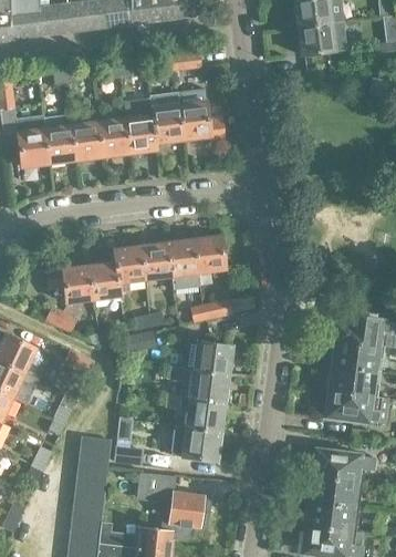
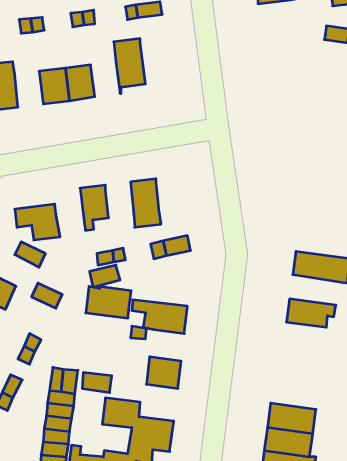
building: [177,95,225,141] -> none
building: [43,114,75,164] -> none
building: [125,116,156,153] -> none
building: [194,236,225,287] -> none
building: [140,243,170,280] -> none
building: [87,249,119,300] -> none
building: [184,340,231,373] -> [86,286,131,318]
building: [334,340,384,372] -> none
building: [326,390,386,423] -> none
building: [187,398,223,431] -> none
building: [314,450,374,482] -> none

